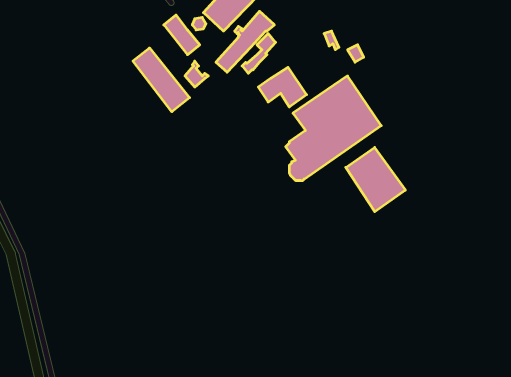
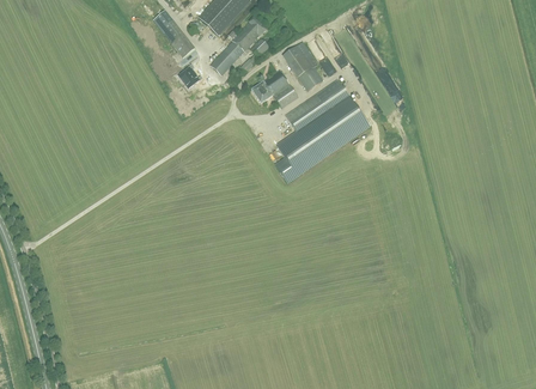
building: none -> [282,44,321,91]
building: [133,48,190,112] -> none
building: [346,147,405,212] -> none

